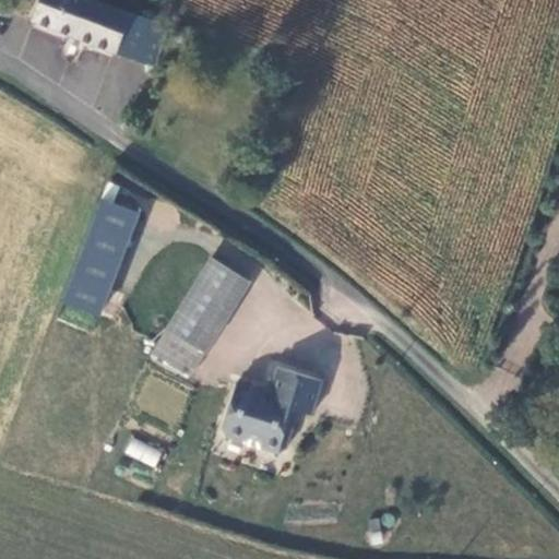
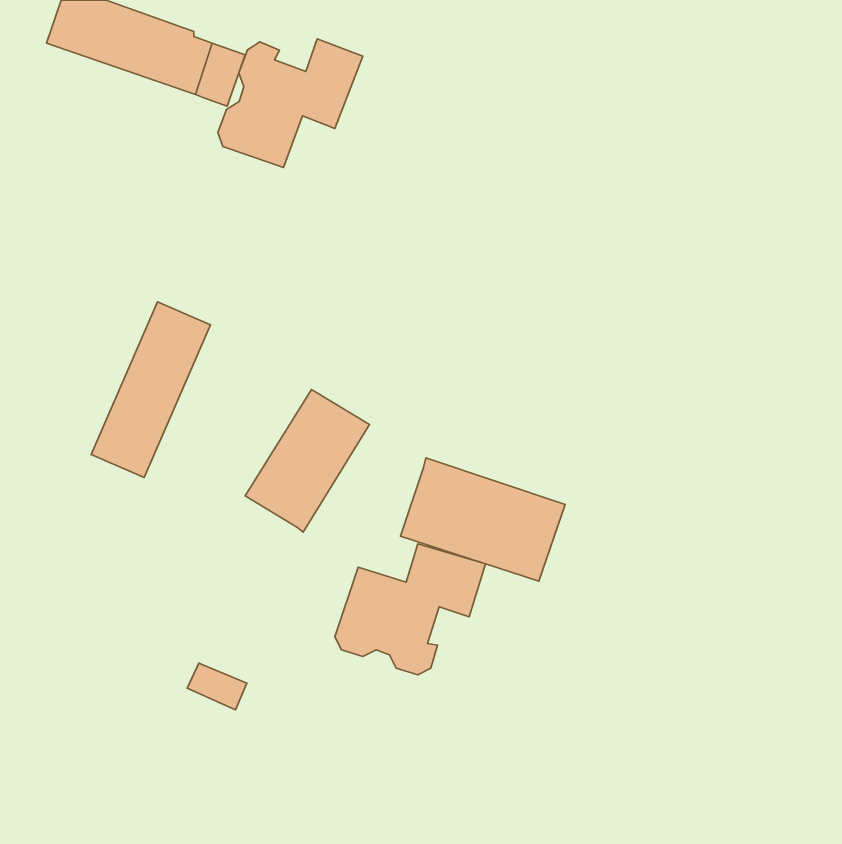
building: none -> [218,39,363,168]
building: none -> [401,458,565,581]
building: [151,329,199,373] -> none

